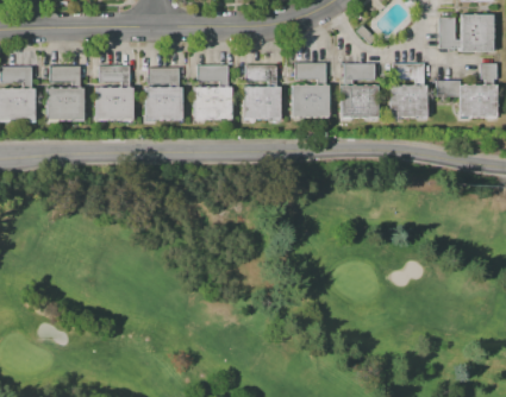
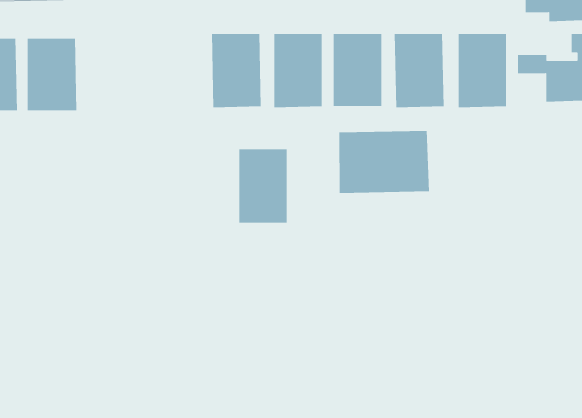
building: [92,65,132,125] -> none
building: [143,65,182,125] -> [238,149,287,223]
building: none -> [339,130,430,194]

